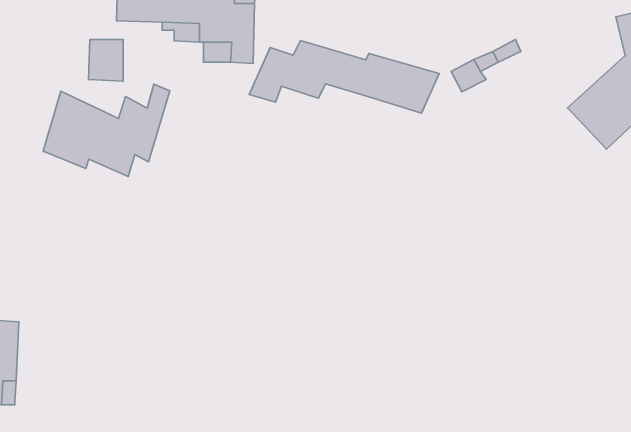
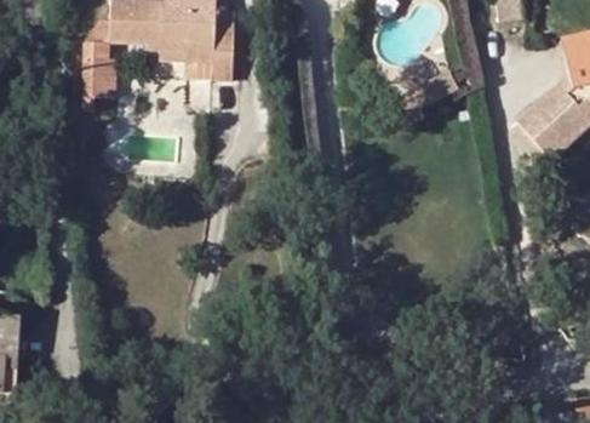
building: [249,41,439,113] -> none
building: [43,84,170,177] -> none

